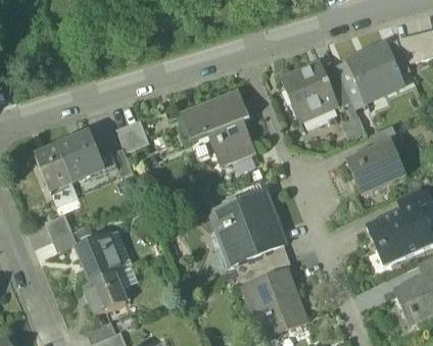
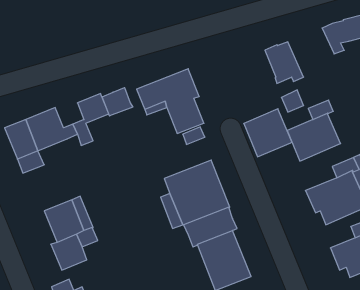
building: [348,45,403,100] -> none
building: [282,63,335,116] -> [244,109,292,157]
building: none -> [102,88,133,116]
building: [45,214,77,251] -> none

